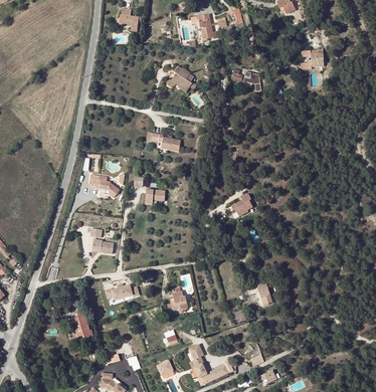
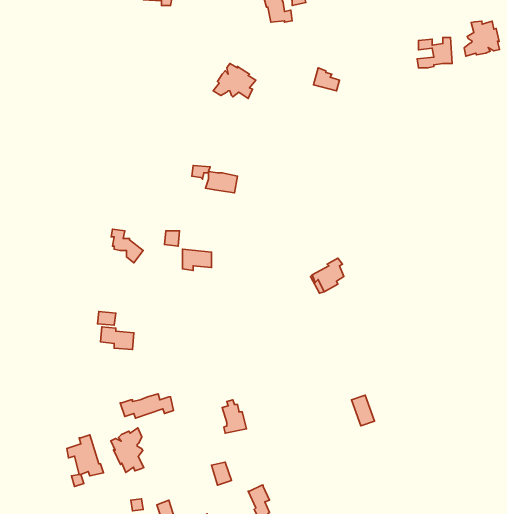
building: none -> [464,21,499,56]
building: none -> [111,428,144,472]

